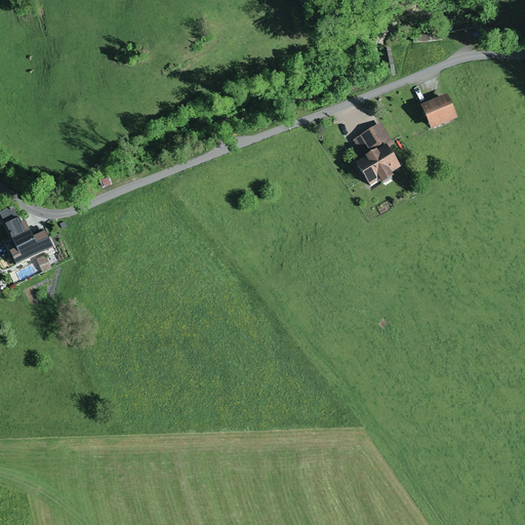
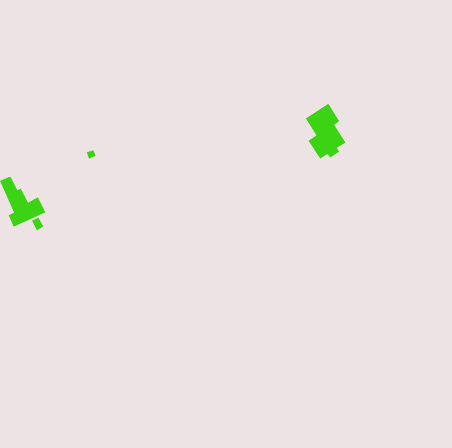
building: [420,92,457,128] -> none

